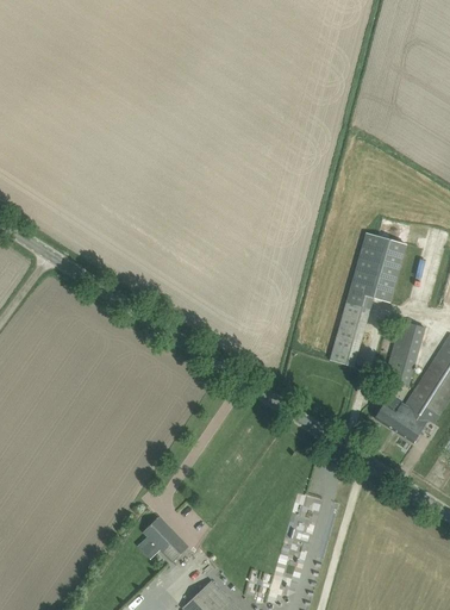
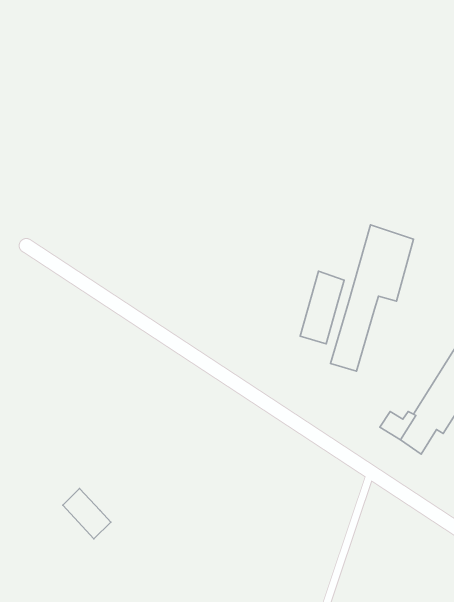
building: [383,318,424,385] -> [300,271,344,344]
building: [143,516,187,562] -> [63,488,111,539]

